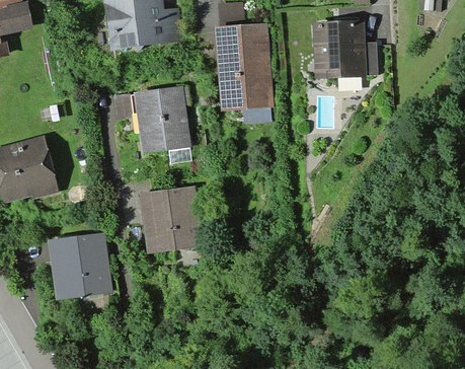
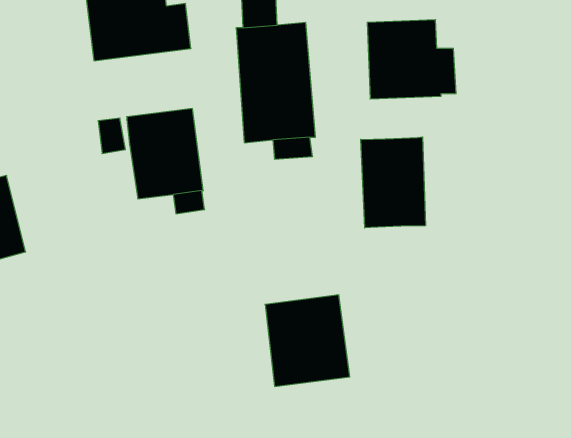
building: none -> [361,137,425,228]
building: [139,184,202,252] -> [265,295,350,386]
building: [47,231,112,299] -> none

